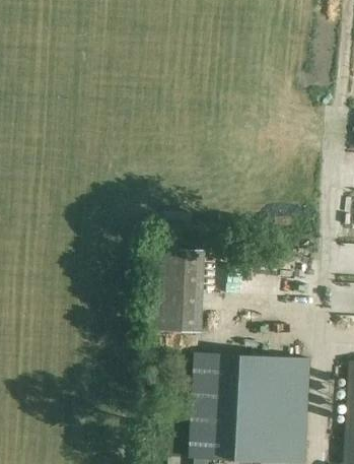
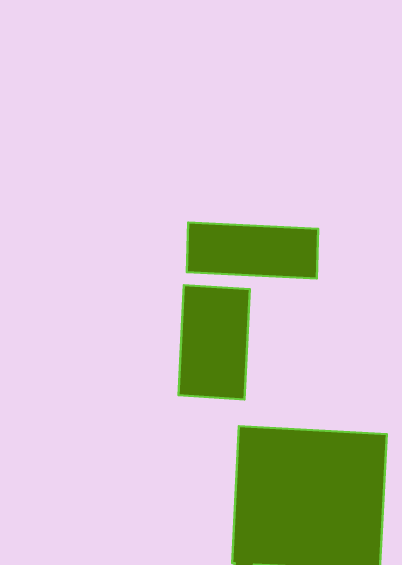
building: none -> [187,222,318,278]

